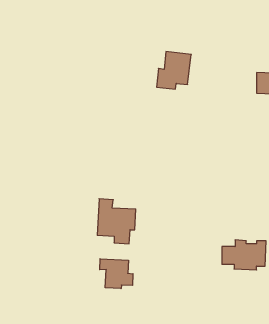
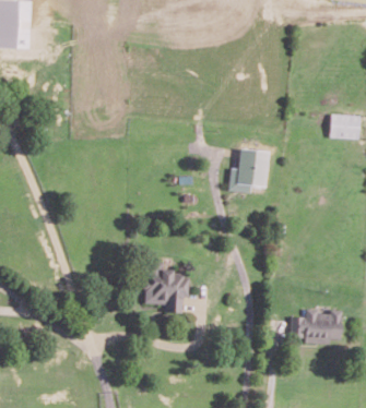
building: [157,52,191,89] -> [229,148,270,192]
building: [100,259,133,289] -> none

